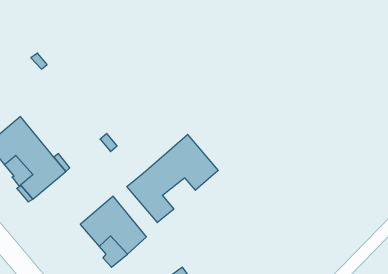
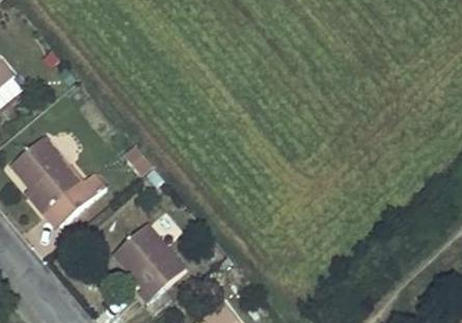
building: [127,134,218,223] -> none

